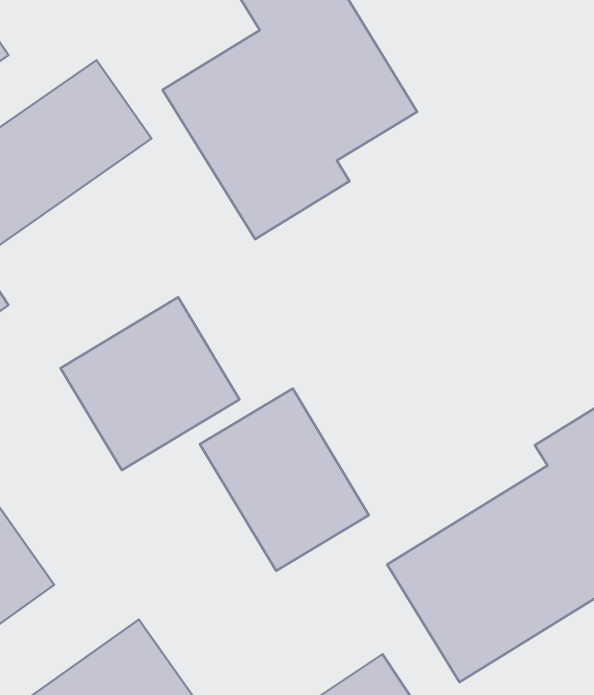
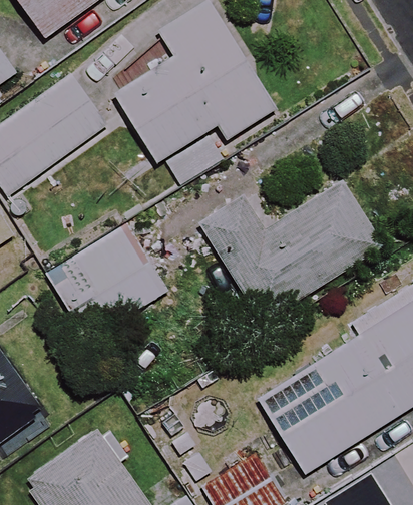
building: none -> [201,177,384,321]
building: [200,388,369,571] -> none

